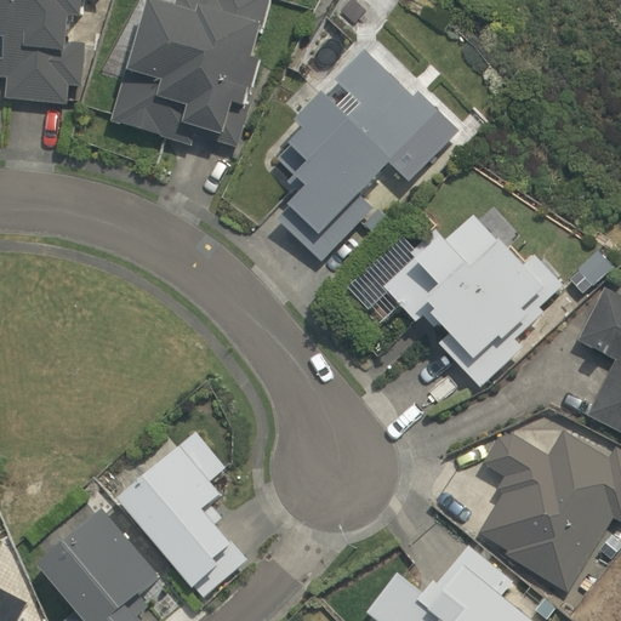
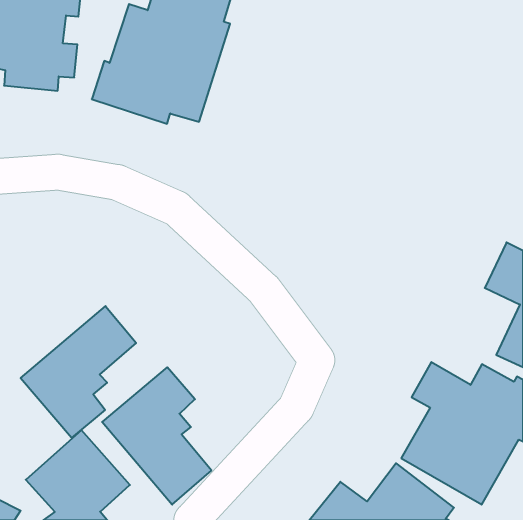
building: [269,49,454,260] -> none
building: [382,207,565,388] -> none
building: none -> [21,306,136,438]

